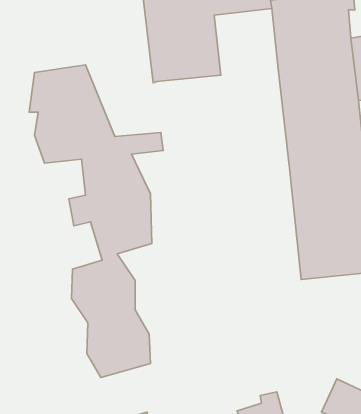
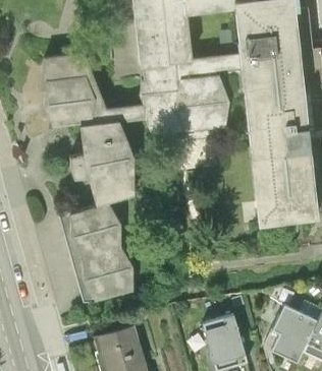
building: none -> [139,56,248,141]

